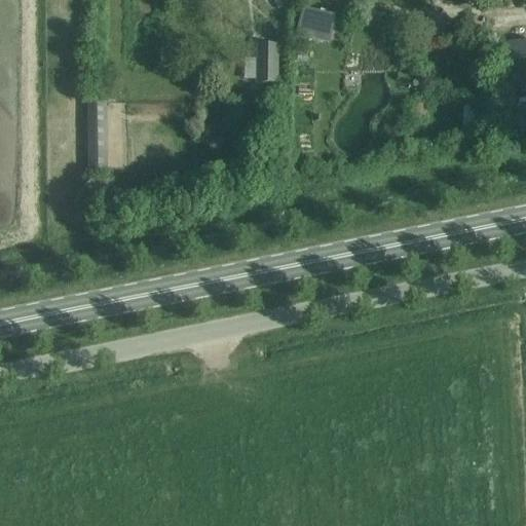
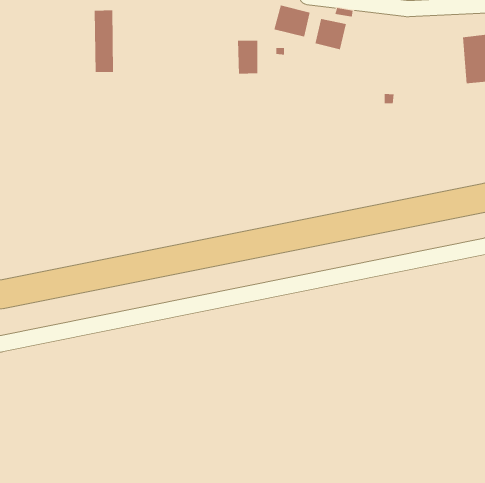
building: none -> [315,18,347,50]
building: [88,99,110,166] -> [94,10,114,73]

